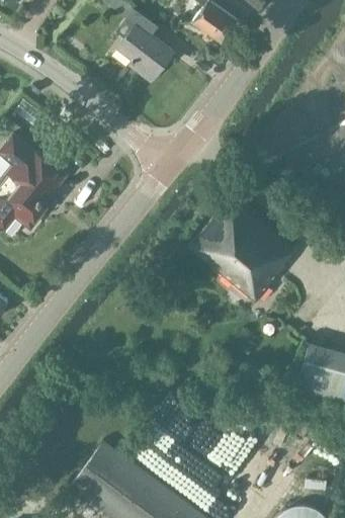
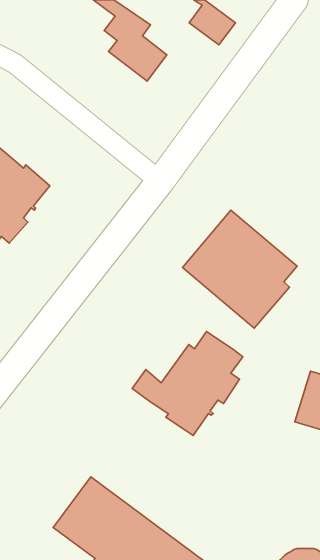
building: none -> [132,332,243,435]

